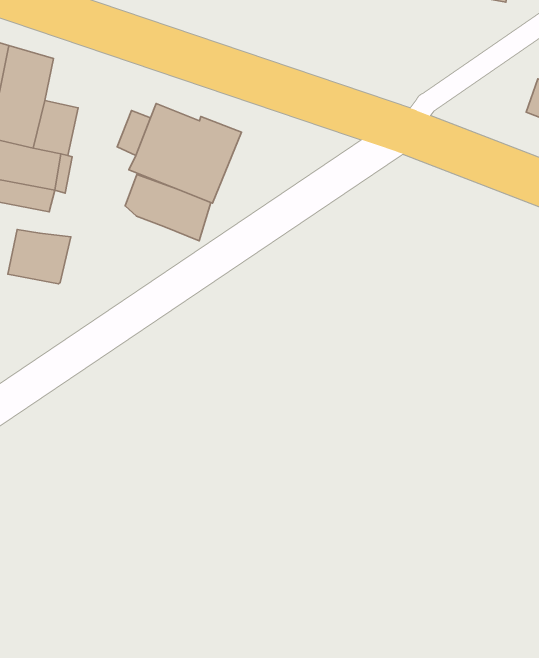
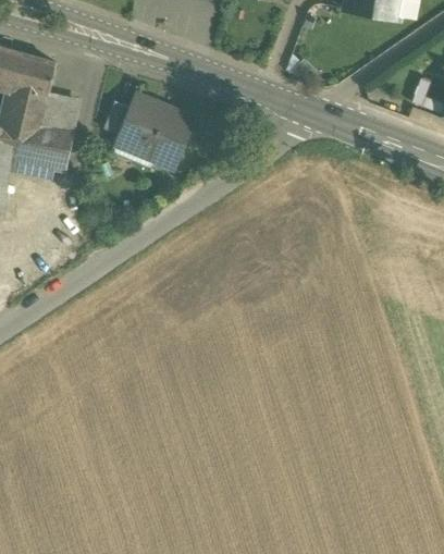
building: [125,175,211,241] -> none
building: [8,230,71,284] -> none

